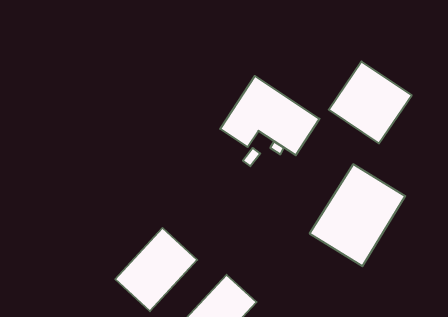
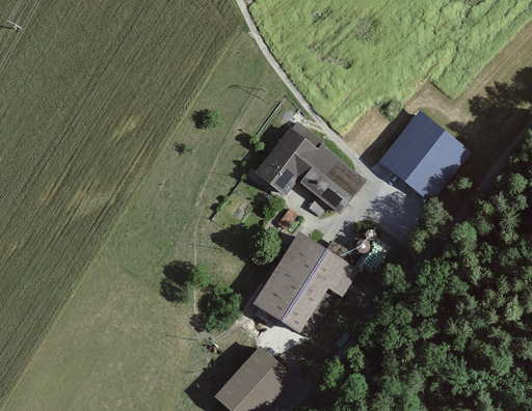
building: [310,164,405,266] -> [247,228,356,345]
building: [115,228,197,311] -> none

